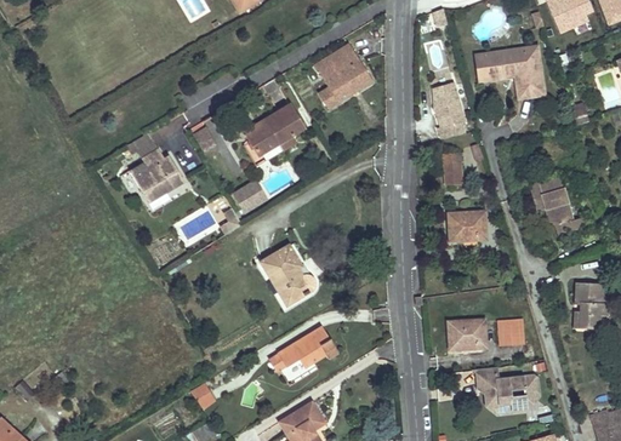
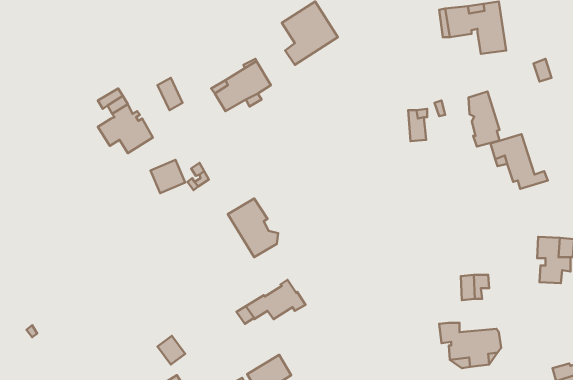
building: [433,82,465,138] -> [468,92,499,146]
building: [232,181,267,214] -> [151,160,185,193]
building: [448,212,485,241] -> none
building: [448,321,485,349] -> none

